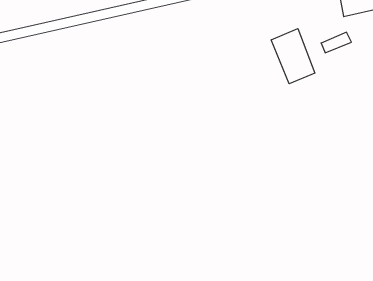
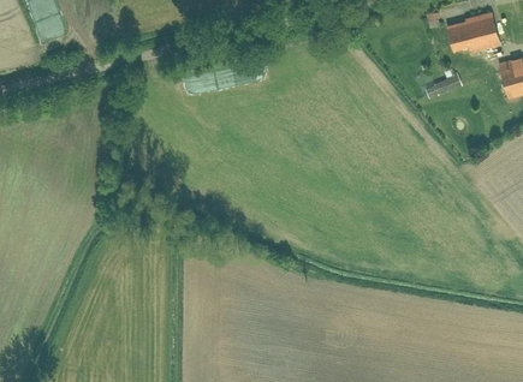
building: [271,29,315,84] -> none

